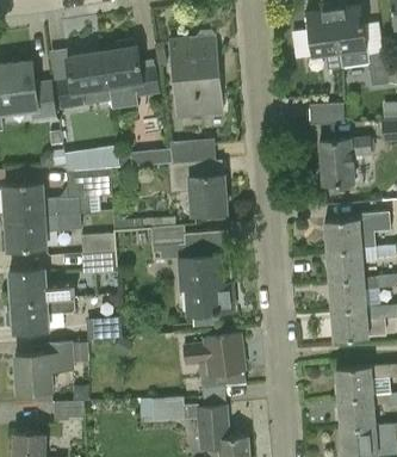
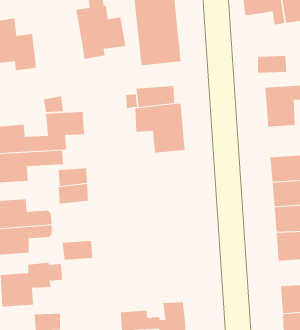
building: [55,51,108,109] -> none
building: [150,224,234,315] -> none
building: [182,334,246,388] -> none

